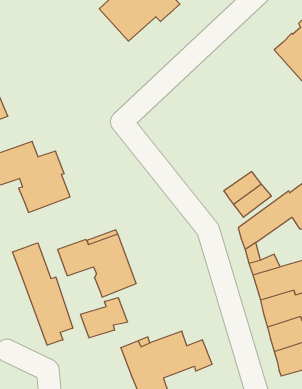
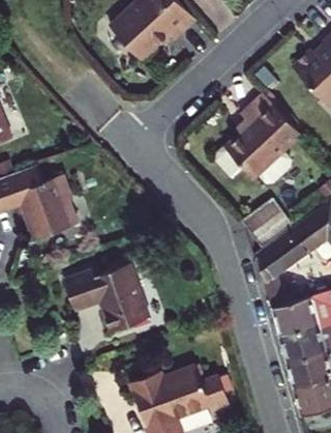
building: none -> [216,92,300,178]
building: [13,243,73,345] -> none
building: [80,298,127,338] -> none

